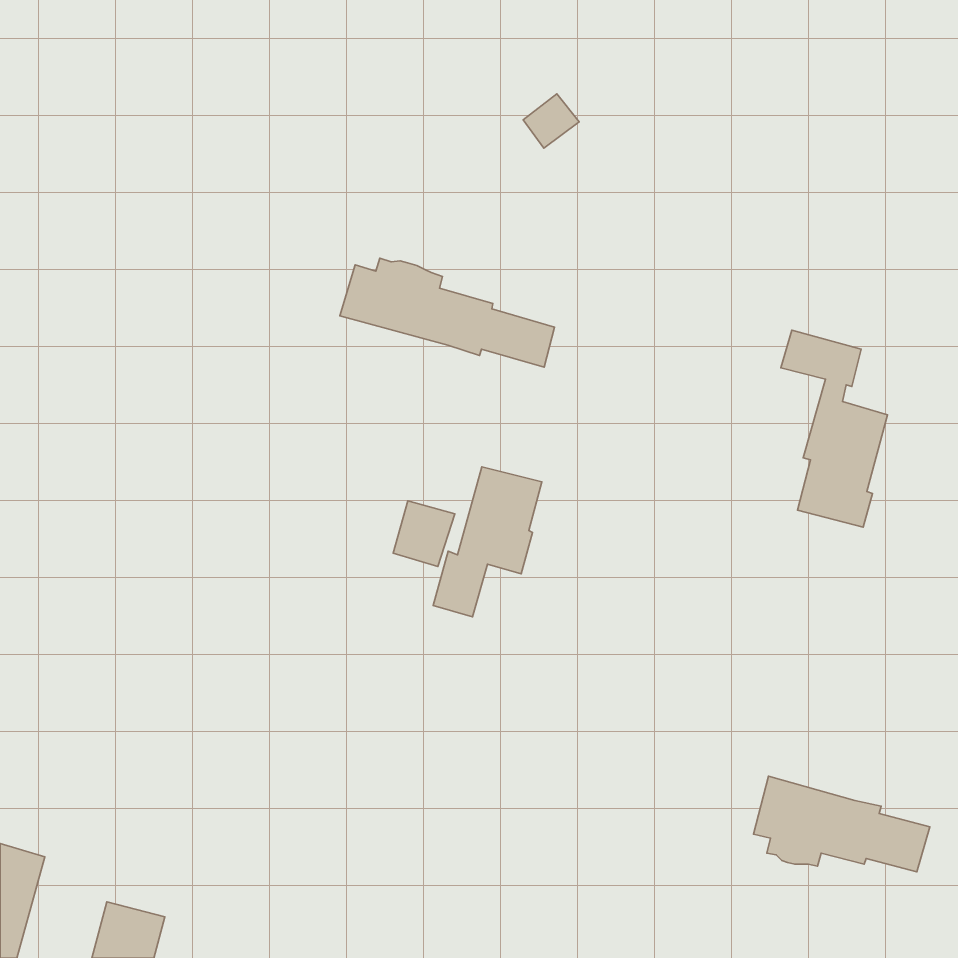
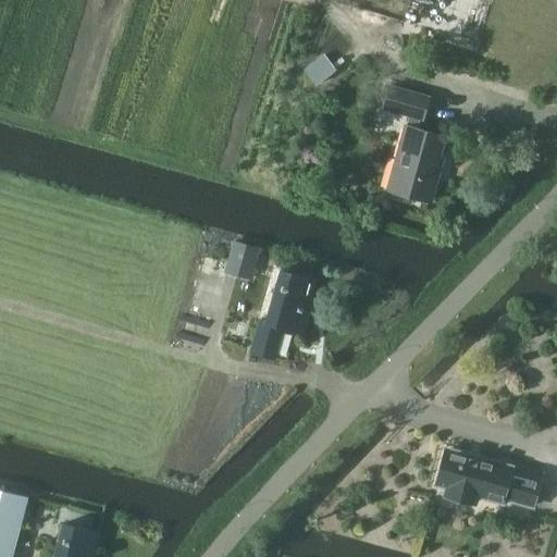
building: [340,258,554,367] -> none
building: [781,330,888,527] -> [381,88,443,202]
building: [393,501,455,566] -> [225,242,261,280]

